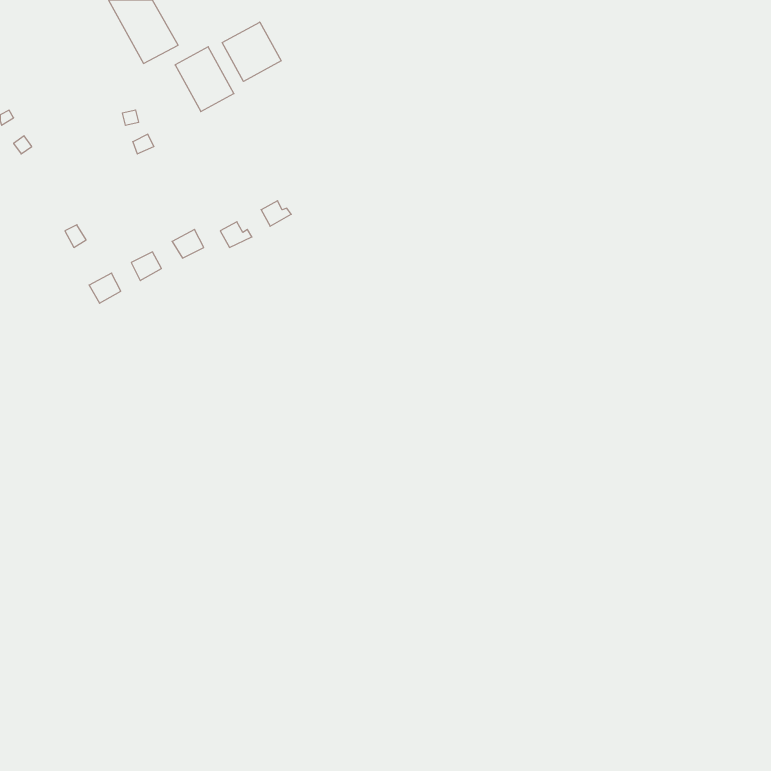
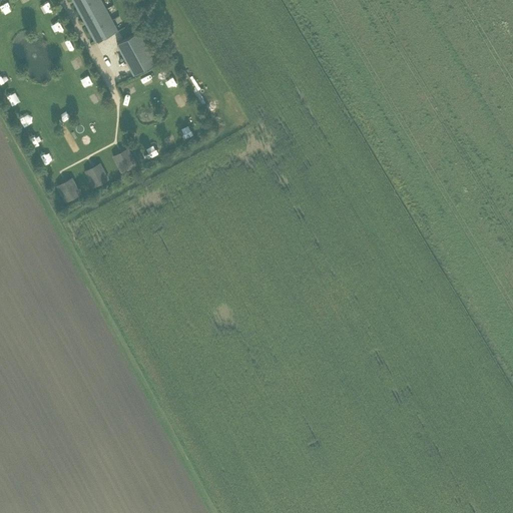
building: [222,22,281,81] -> none

